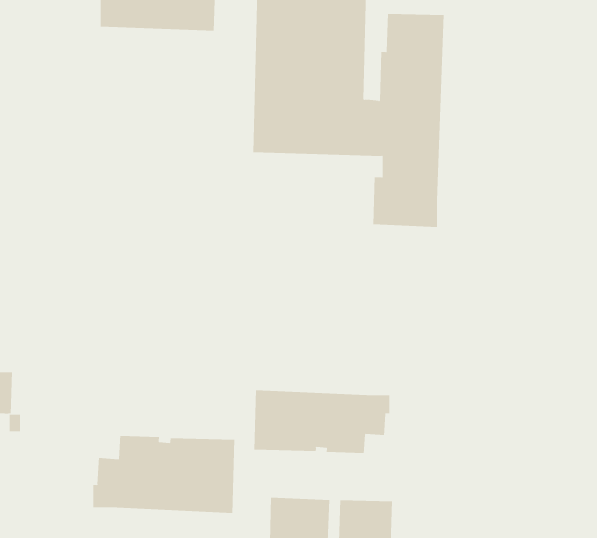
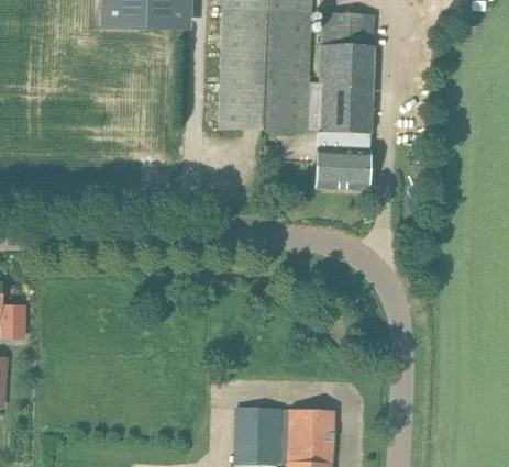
building: [254,389,390,454] -> none
building: [93,435,235,514] -> none

